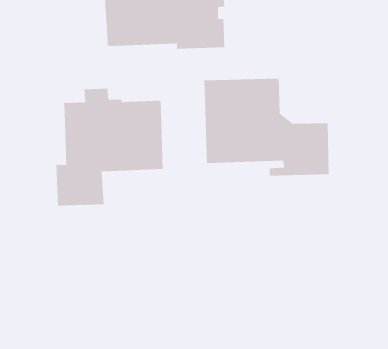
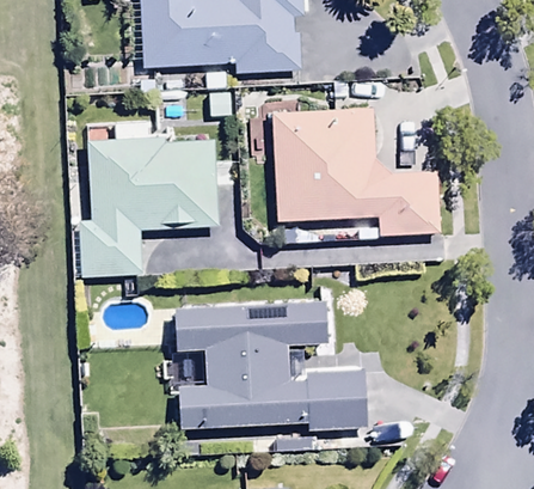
building: none -> [176,302,370,430]

